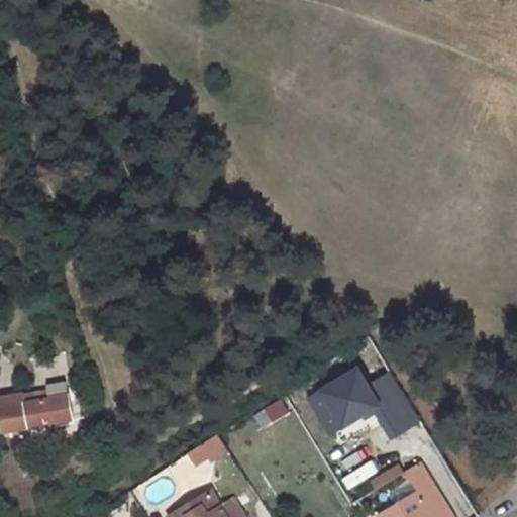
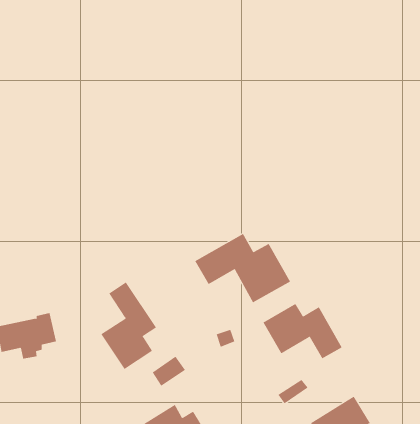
building: none -> [194,233,291,303]
building: none -> [101,281,157,370]

